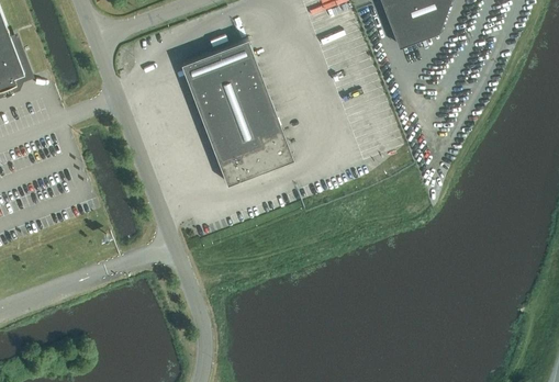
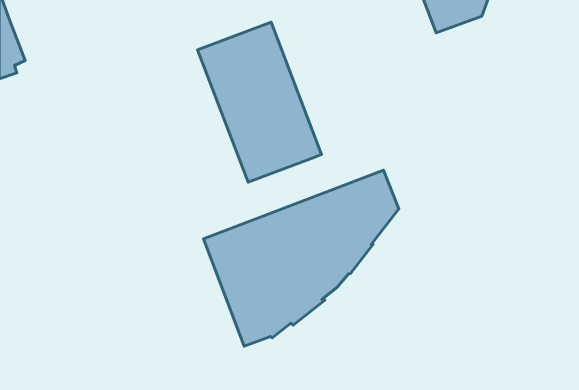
building: none -> [203,170,399,346]

